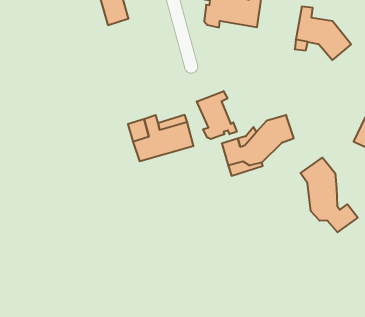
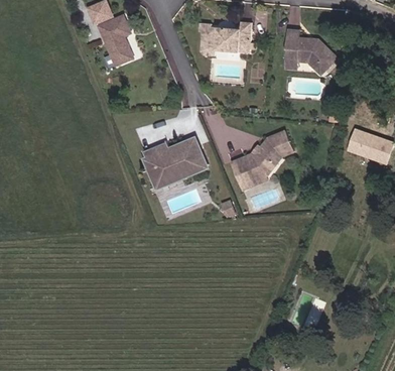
building: [197,91,237,139] -> none
building: [301,158,358,232] -> none

